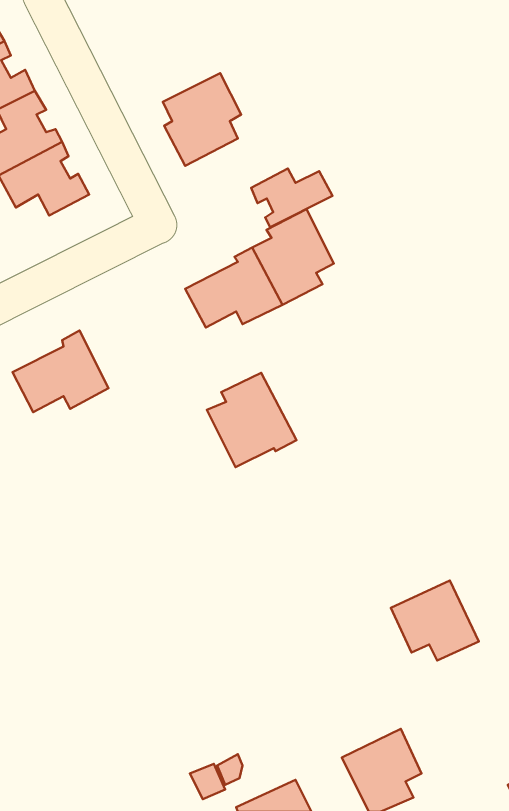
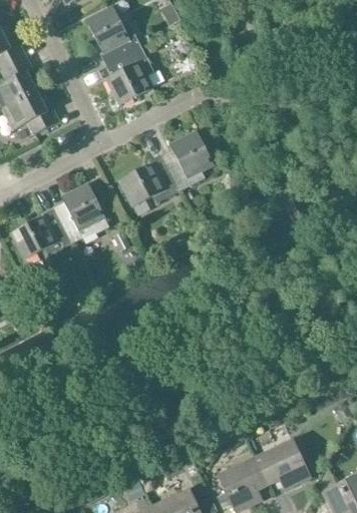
building: none -> [86,7,140,64]
building: [251,169,333,227] -> none
building: [207,373,296,467] -> [52,184,108,243]
building: [391,581,479,661] -> [254,440,309,490]

